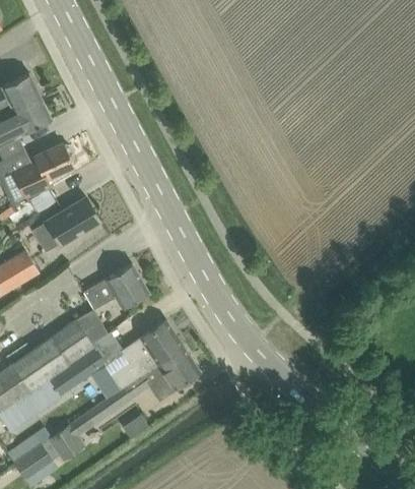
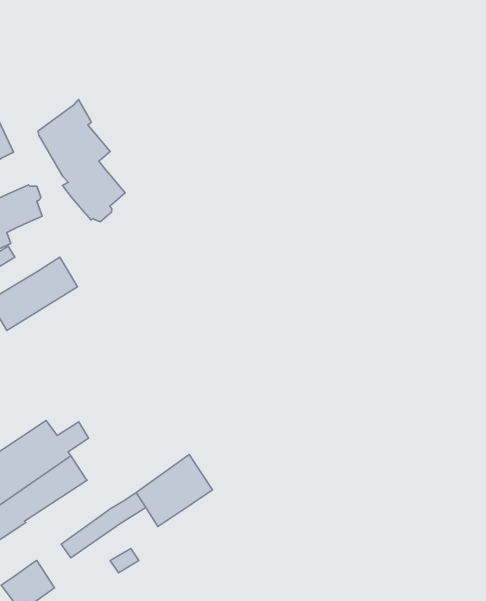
building: none -> [38,100,125,222]
building: [83,265,148,309] -> none
building: [108,322,182,390] -> none

